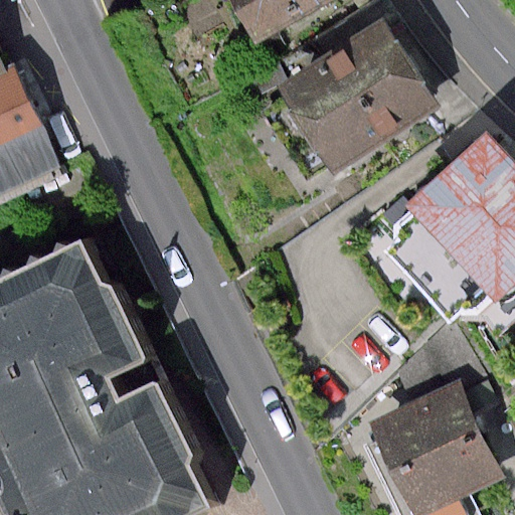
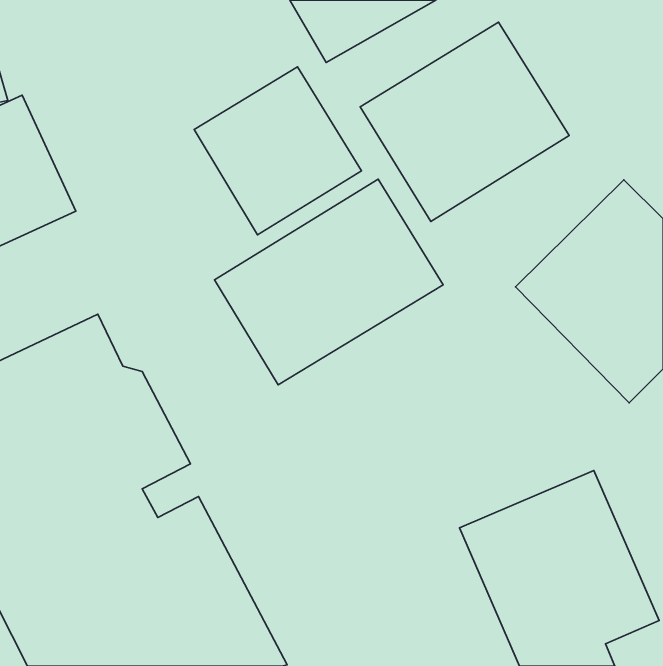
building: none -> [194,67,362,235]
building: none -> [214,179,443,385]

